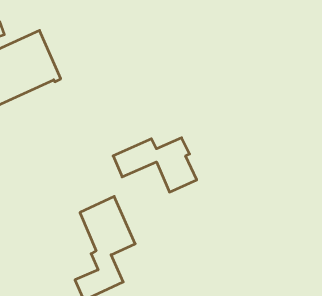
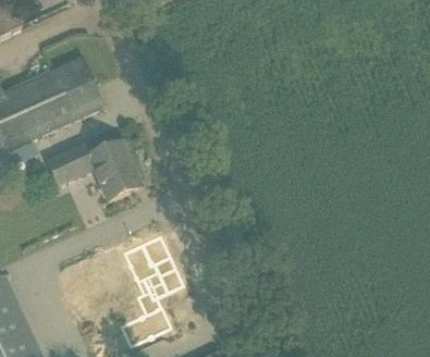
building: [113,138,197,192] -> [47,139,137,198]

